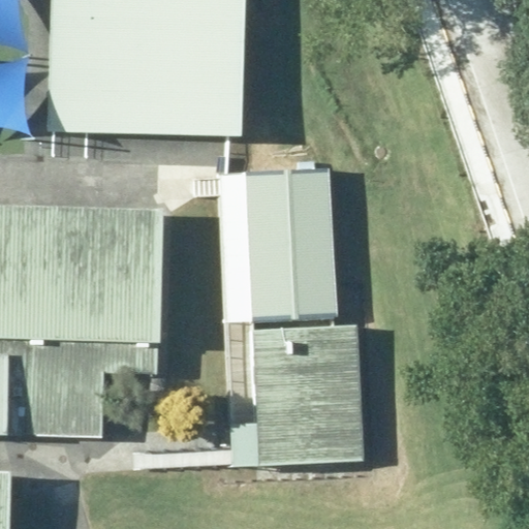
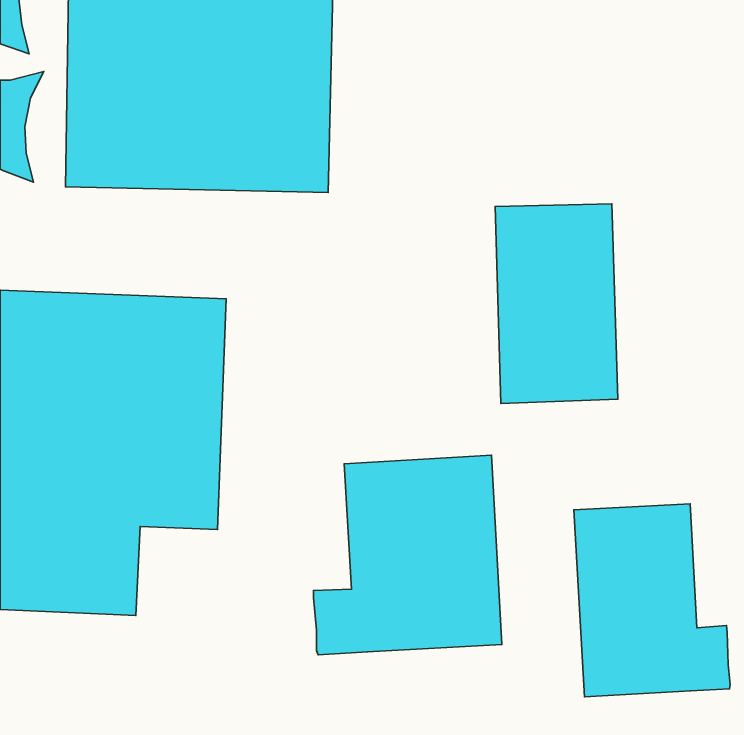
building: [250,166,337,308] -> [495,204,618,404]
building: none -> [574,504,730,697]

